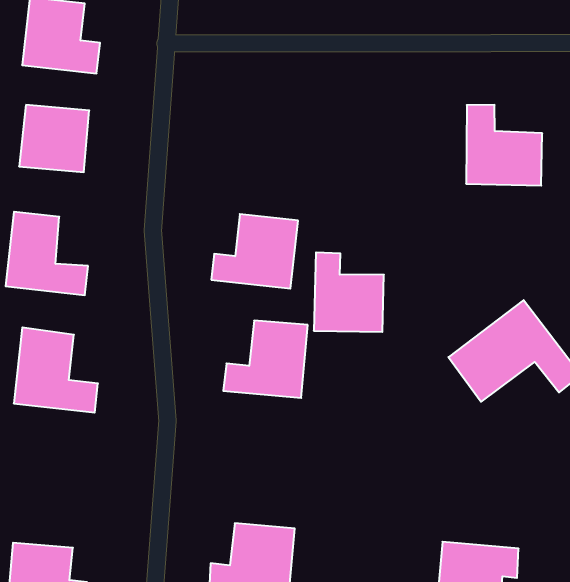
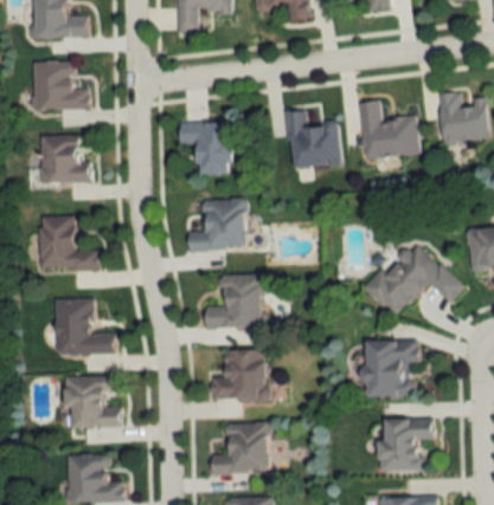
building: none -> [179,122,230,174]
building: [314,252,384,332] -> [287,111,341,169]
building: none -> [212,350,268,401]
building: none -> [364,339,419,396]
building: none -> [65,377,121,428]

